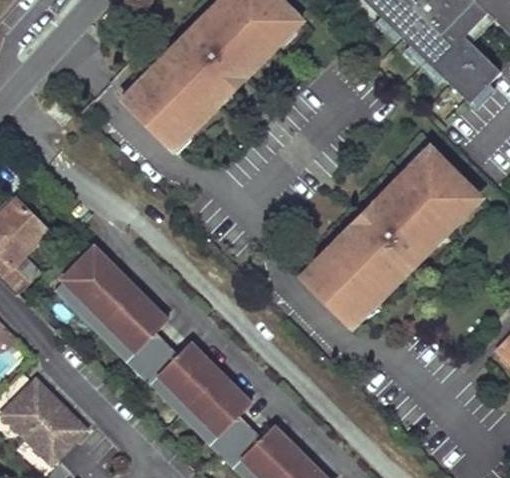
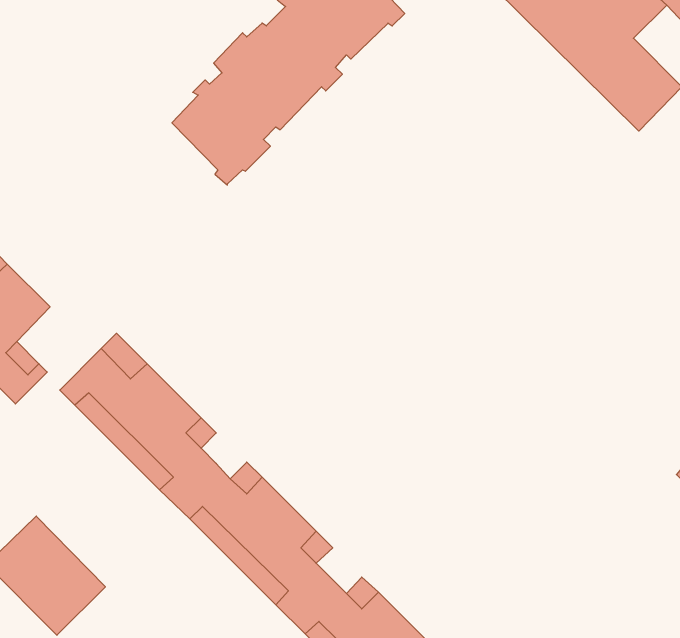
building: [308,143,478,316] -> none

